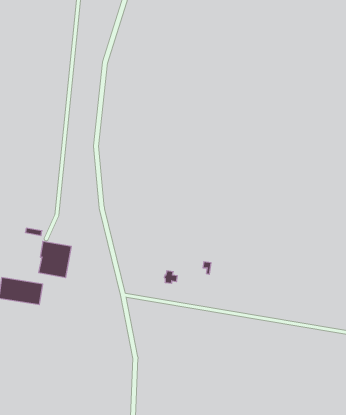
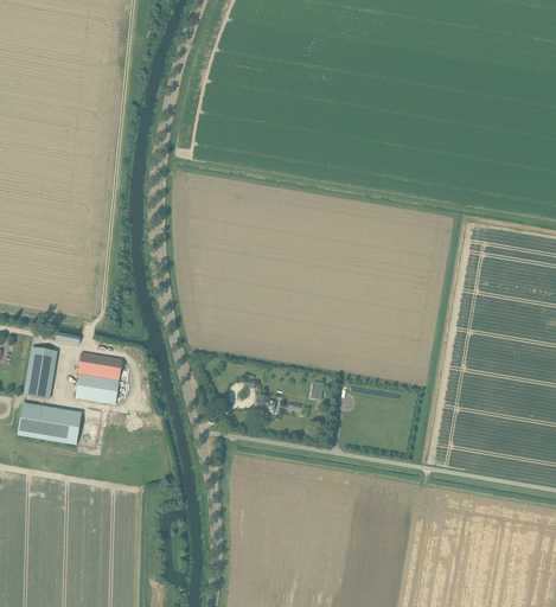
building: none -> [25,346,57,397]

